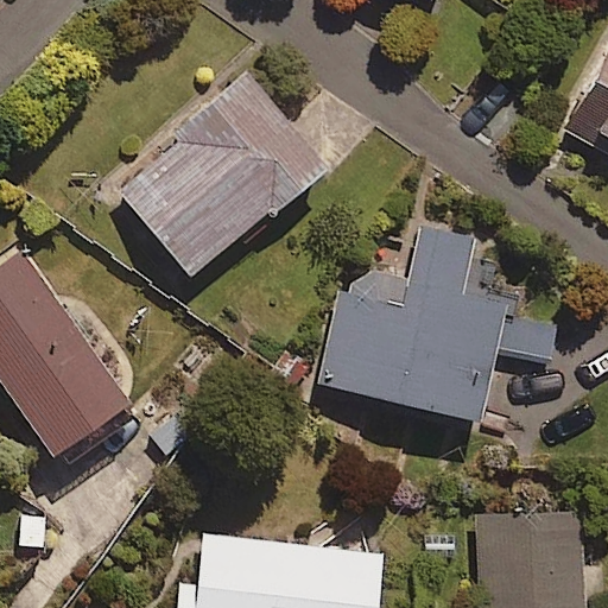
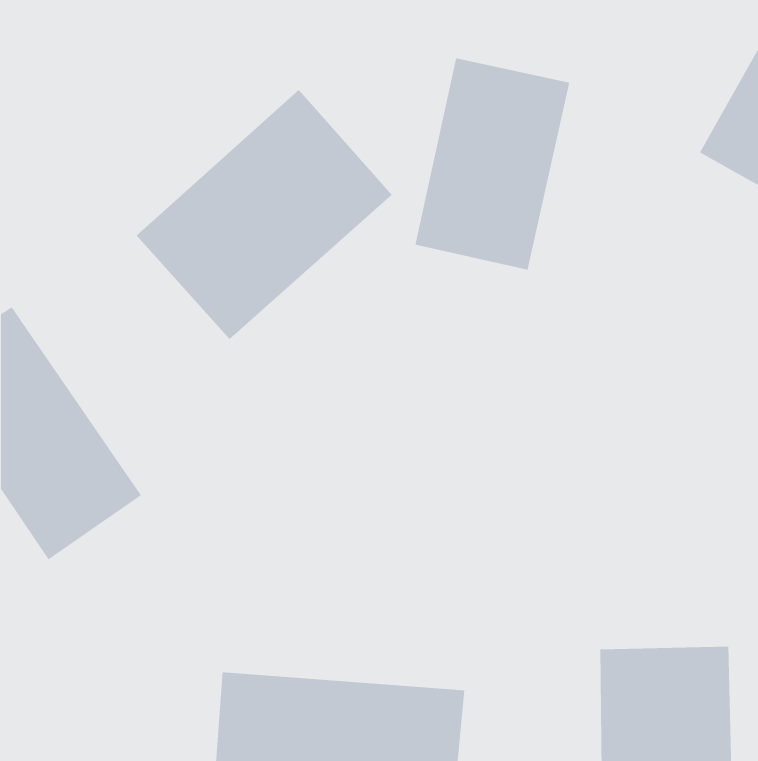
building: none -> [415,58,570,270]
building: [324,228,506,419] -> none

